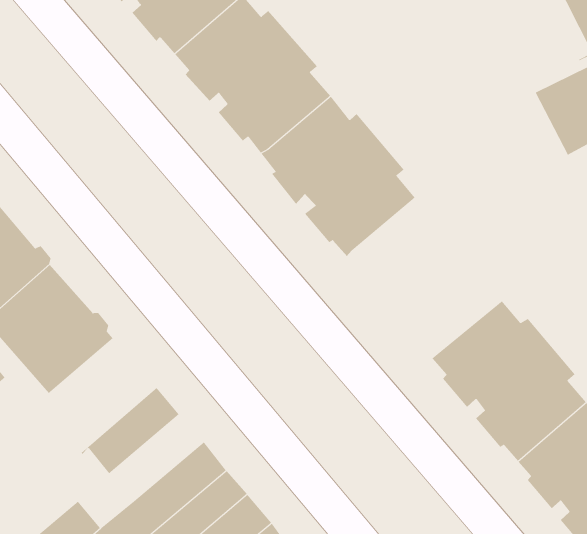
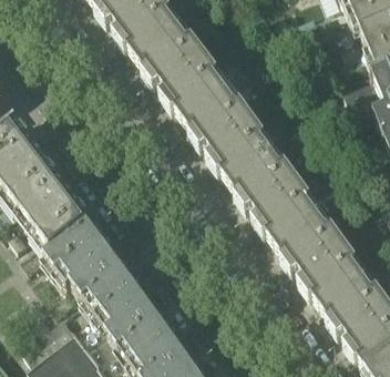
building: none -> [228,146,317,241]
building: none -> [43,217,113,283]
building: none -> [82,264,138,313]

